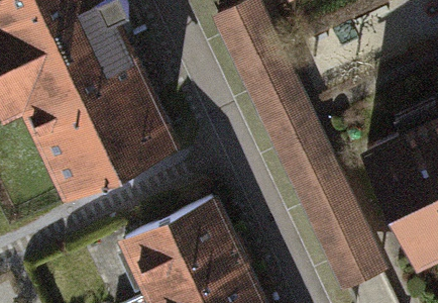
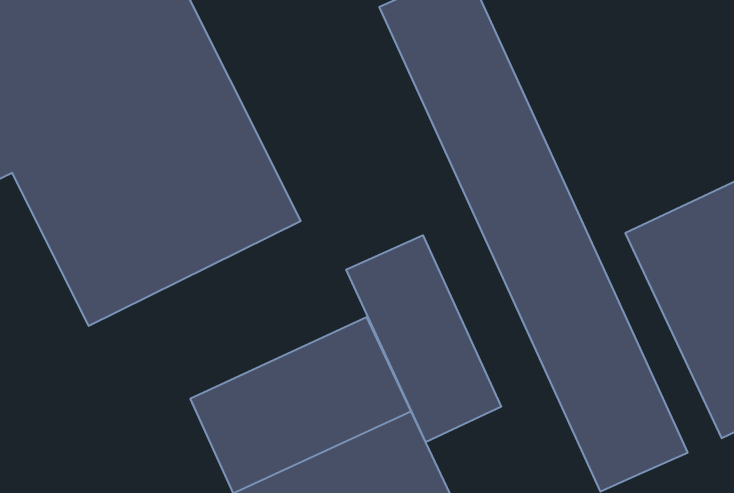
building: none -> [346,235,501,442]

